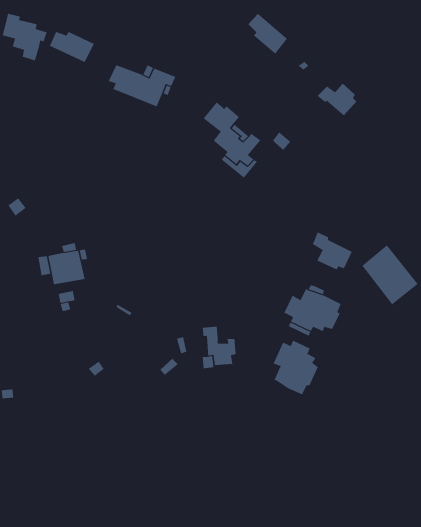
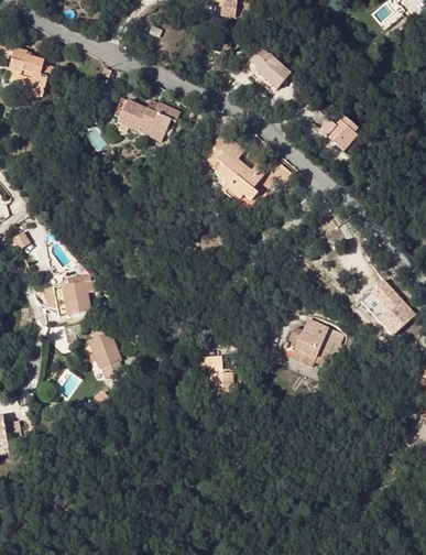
building: [49,31,95,63] -> none
building: [312,231,352,270] -> none
building: none -> [87,323,121,376]
building: [273,340,318,395] -> none

